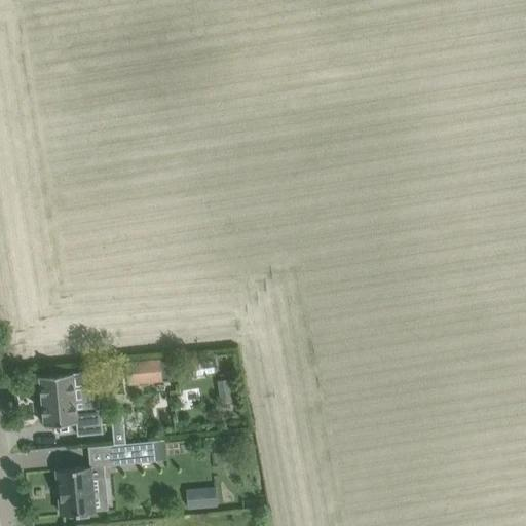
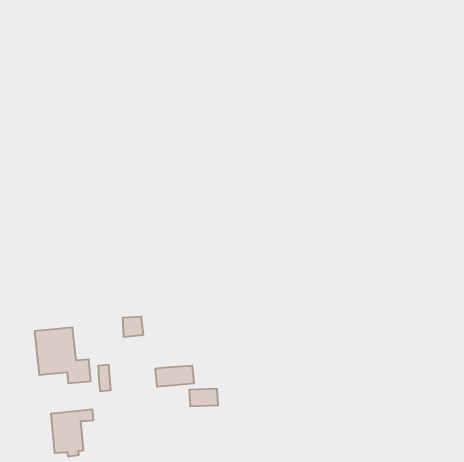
building: [111,442,155,465] -> [155,366,194,387]
building: [181,488,214,508] -> [189,389,218,406]

